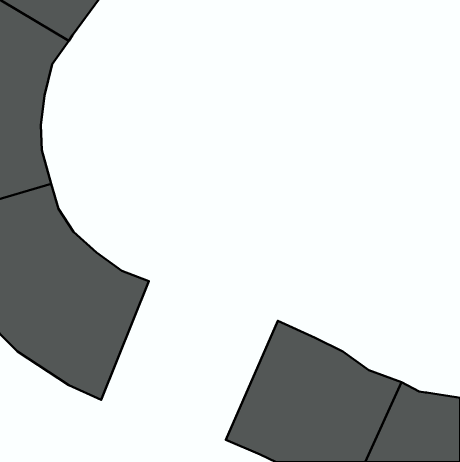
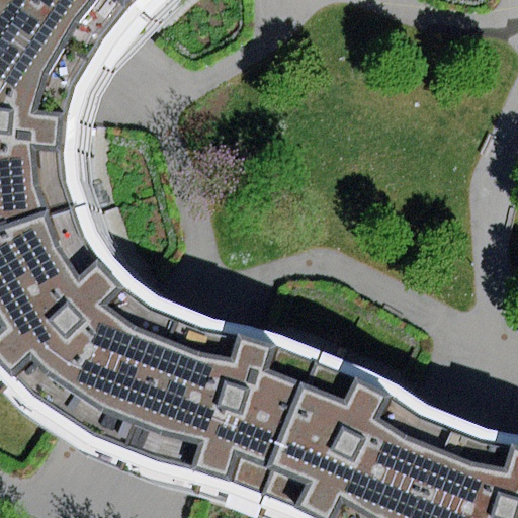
building: none -> [110,307,303,480]

